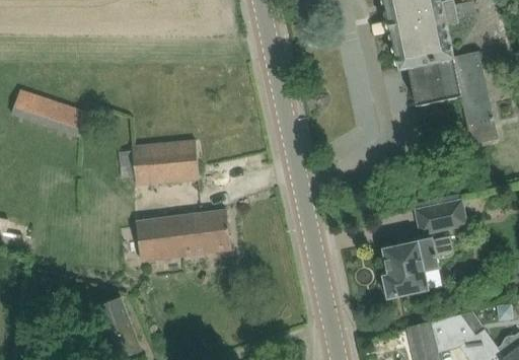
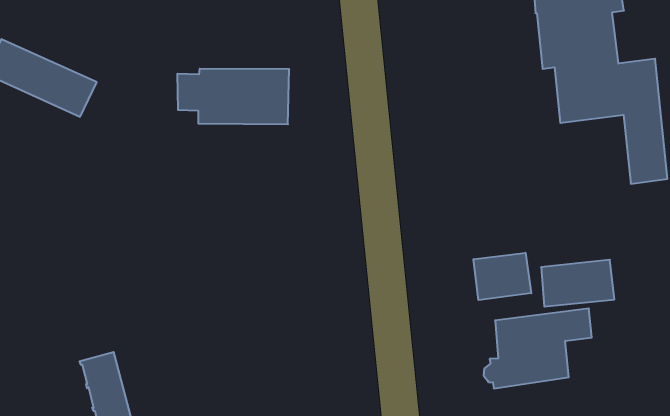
building: [118,140,199,185] -> [177,69,289,124]
building: none -> [474,253,531,300]
building: [136,210,231,261] -> none

